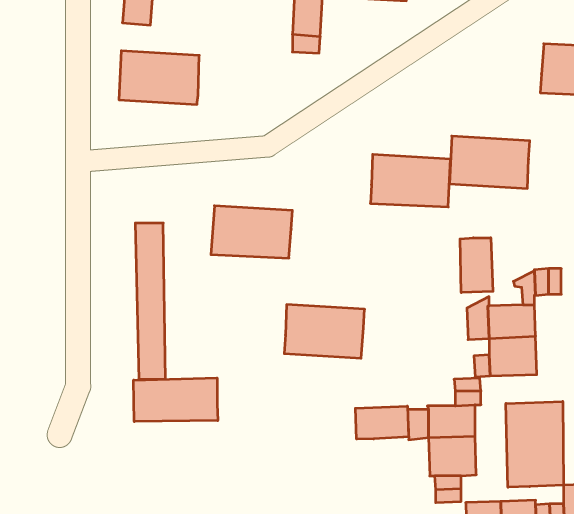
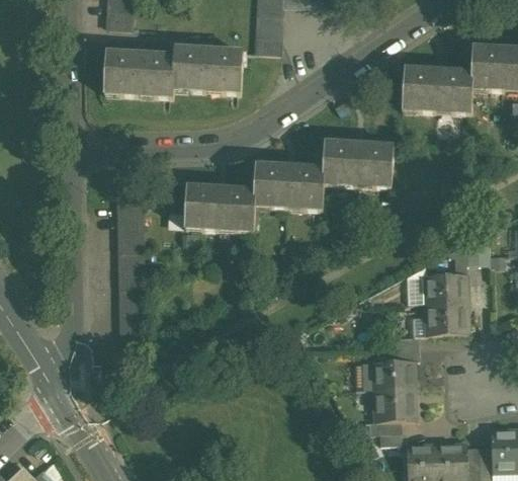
building: none -> [173,47,243,92]
building: [449,136,530,188] -> [402,67,471,112]
building: [460,238,493,293] -> none
building: [284,305,365,358] -> [254,163,324,210]
building: [134,378,218,422] -> none
building: [506,401,564,487] -> none
building: [355,406,409,439] -> none

